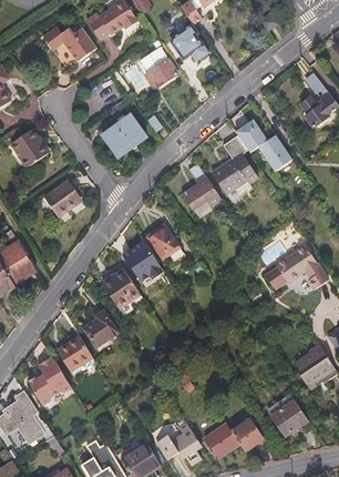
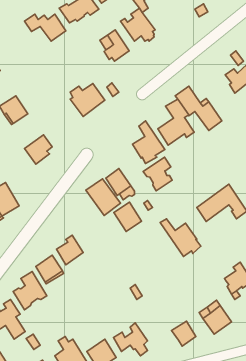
building: none -> [143,157,172,191]
building: [104,271,140,308] -> [114,202,142,232]
building: none -> [160,219,201,257]
building: [204,424,239,458] -> none

